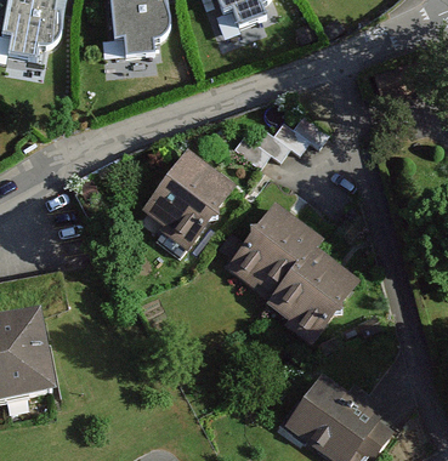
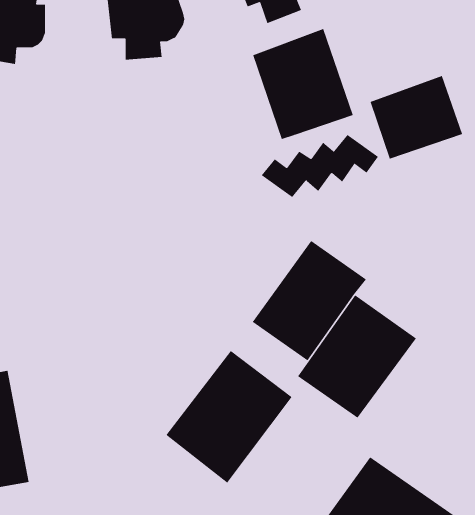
building: none -> [253,28,353,140]
building: none -> [370,75,463,160]
building: [138,146,240,252] -> [166,350,293,483]

